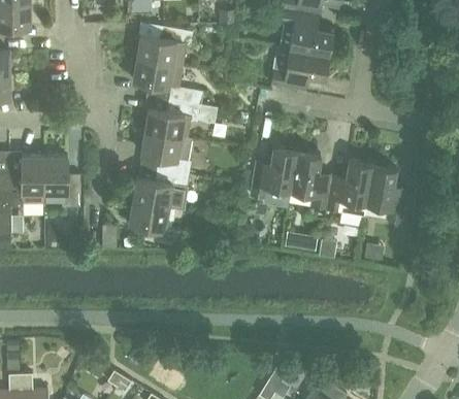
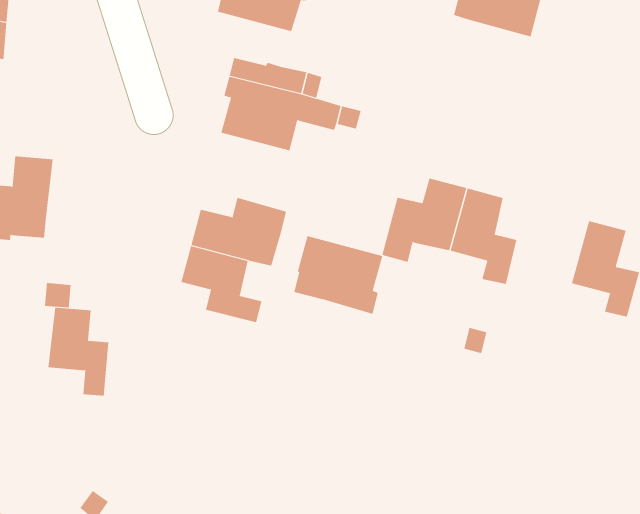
building: [271,48,328,90] -> none
building: [132,57,183,87] -> none
building: [139,130,192,174] -> [294,236,383,314]
building: [43,155,79,206] -> [47,307,109,396]
building: [326,160,372,210] -> none

